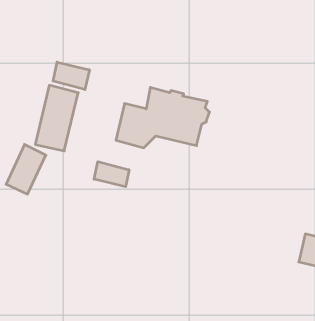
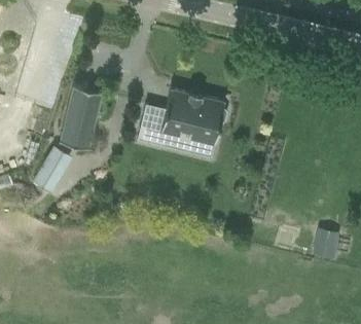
building: [53,62,89,90] -> none
building: [94,162,129,187] -> none

